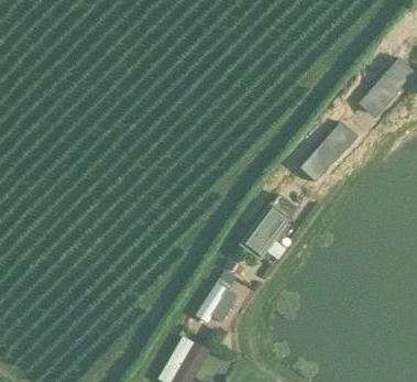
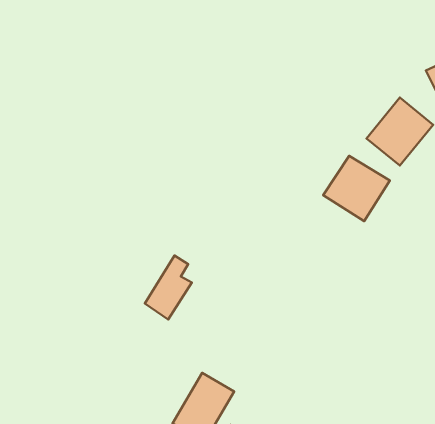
building: [239,204,293,259] -> none
building: [197,270,239,327] -> [145,255,192,320]

